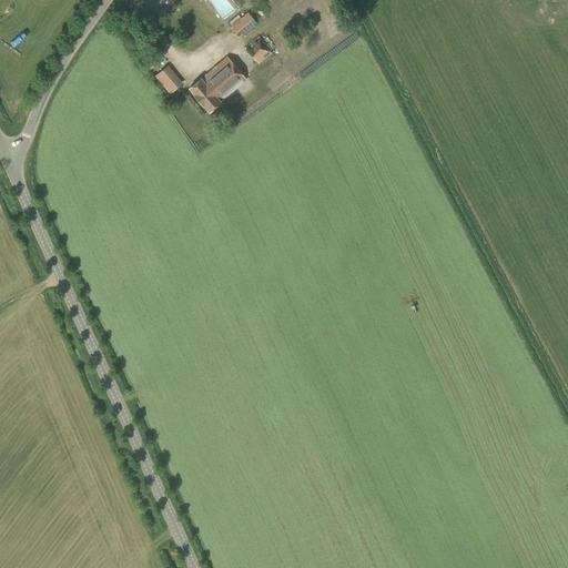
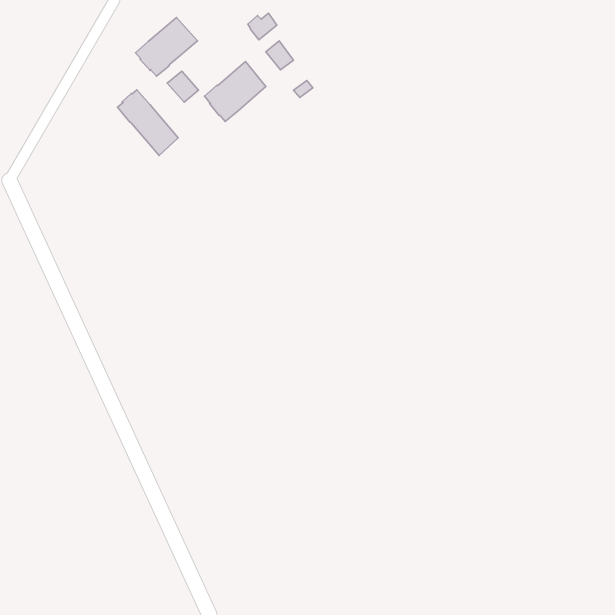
building: none -> [135,18,198,76]
building: none -> [118,90,178,155]

